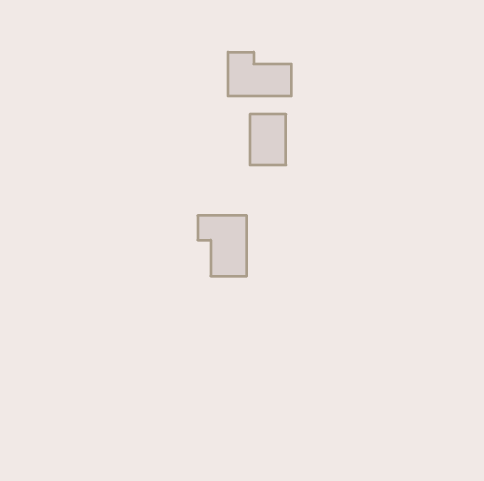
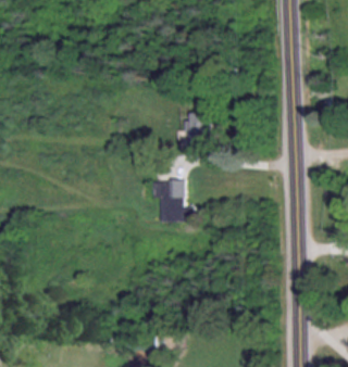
building: [228,52,291,96] -> none

